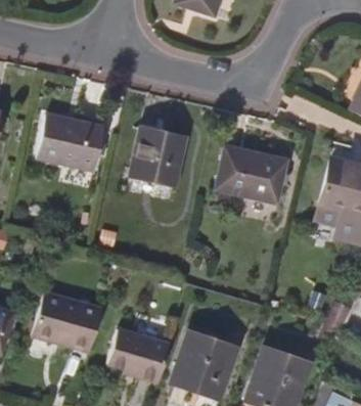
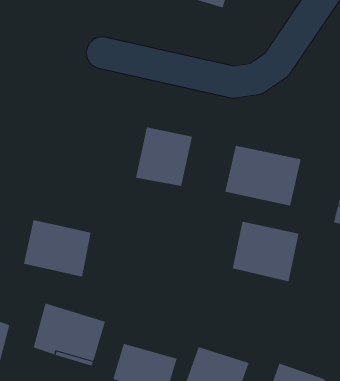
building: [38,114,102,168] -> [23,219,92,277]
building: none -> [232,221,299,282]

